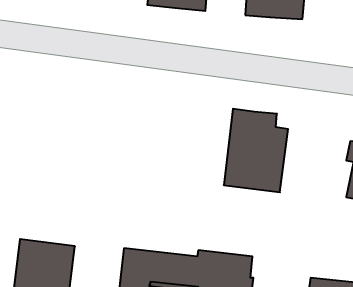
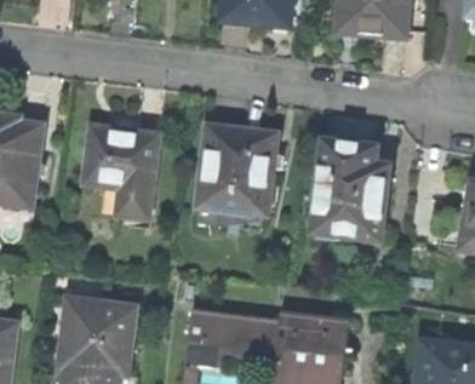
building: none -> [80,125,156,218]
building: none -> [198,126,275,230]

